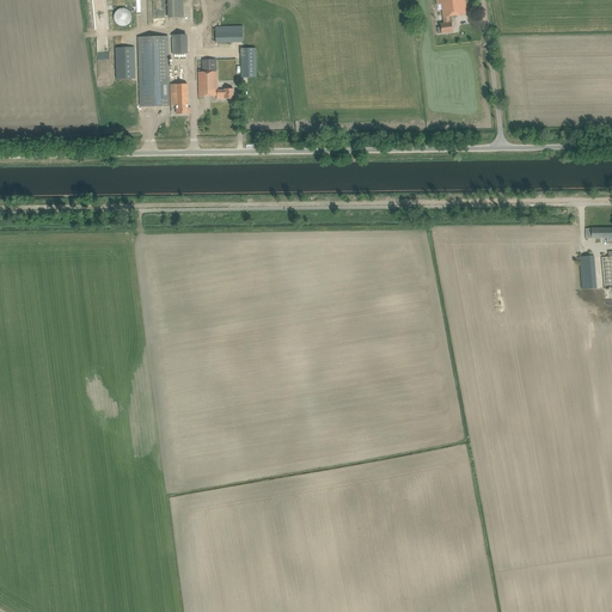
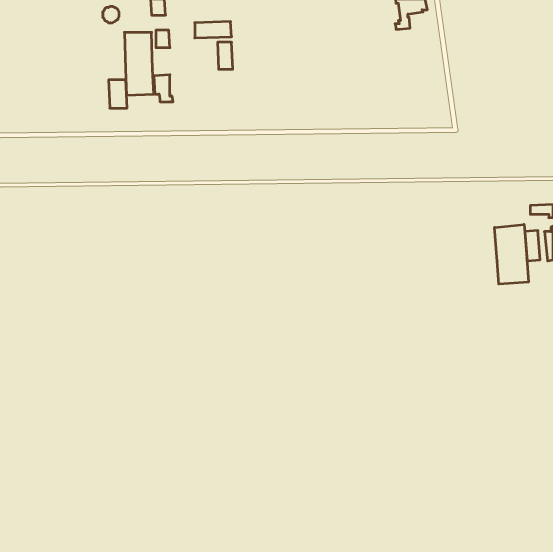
building: [115,47,135,78] -> [109,80,127,108]
building: [198,59,233,98] -> none
building: none -> [495,224,528,284]

